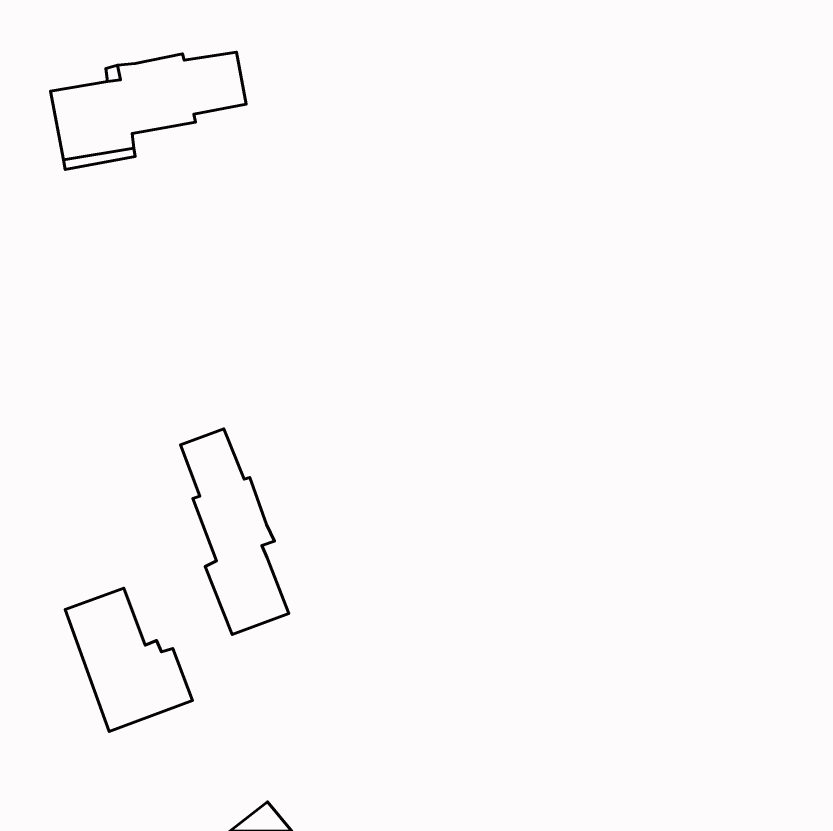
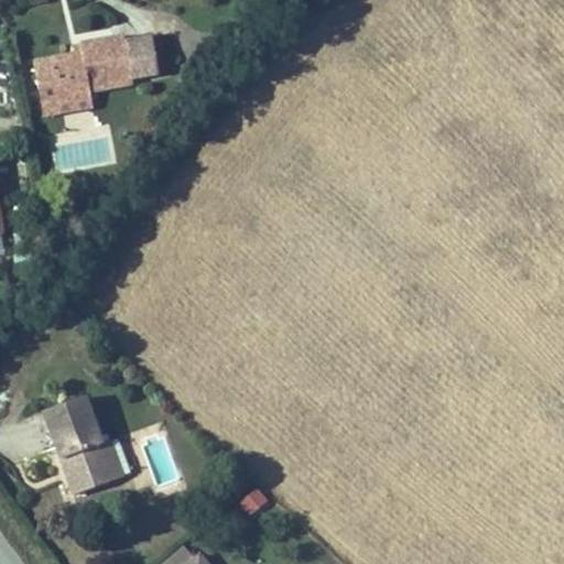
building: [181,429,289,634] -> none

